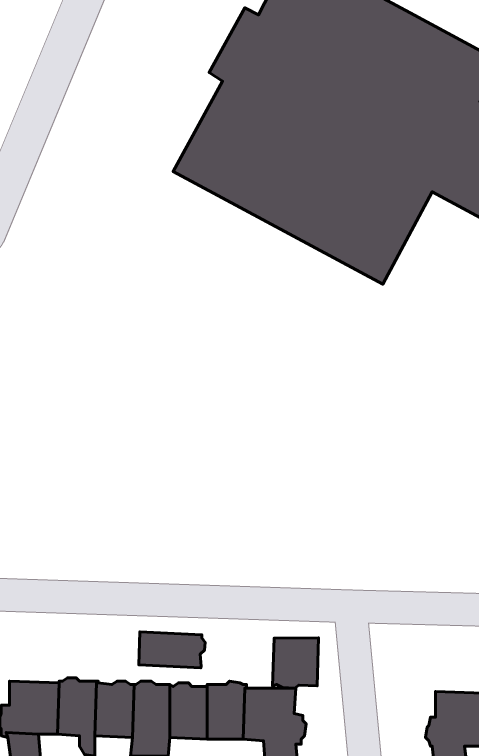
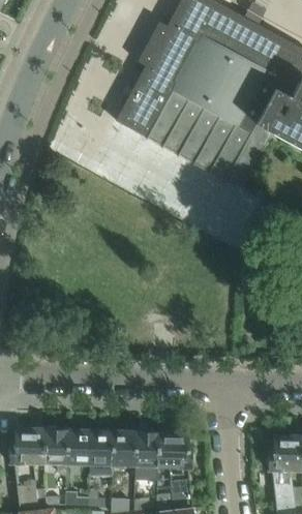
building: [139,632,205,668] -> none
building: [273,638,319,688] -> none

